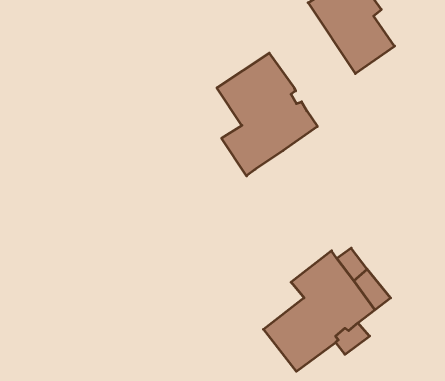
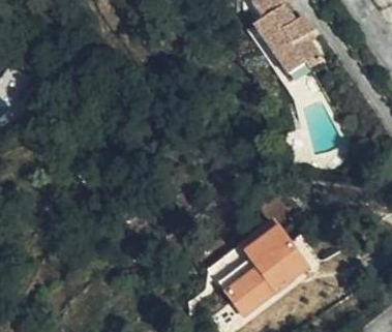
building: [217,53,317,176] -> none

